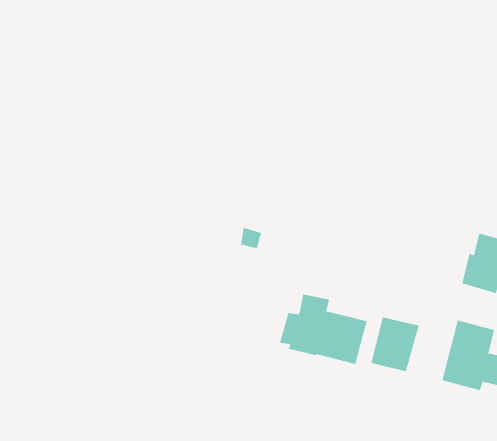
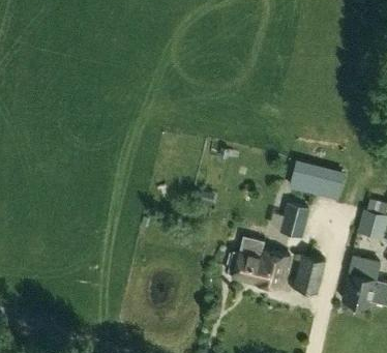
building: none -> [291,161,345,198]
building: none -> [281,205,308,238]

